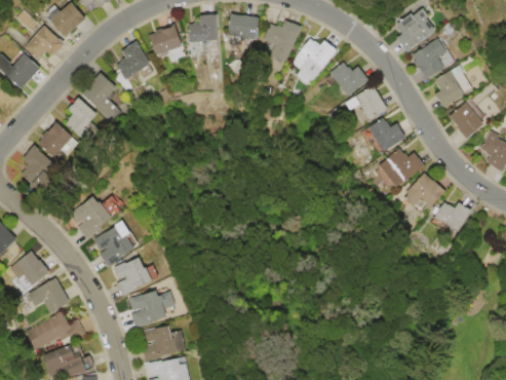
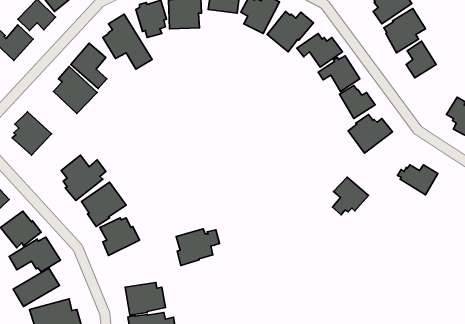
building: [450,102,486,139] -> none
building: [32,122,73,162] -> none
building: [405,172,443,212] -> [333,177,368,215]
building: [128,291,174,330] -> [176,229,220,266]

